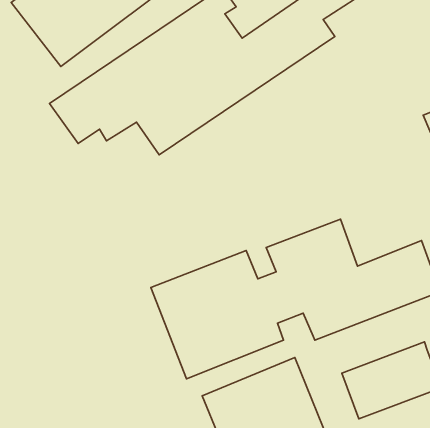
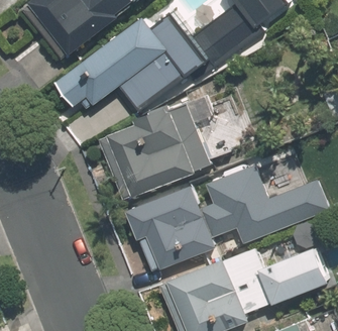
building: none -> [98,94,217,199]

